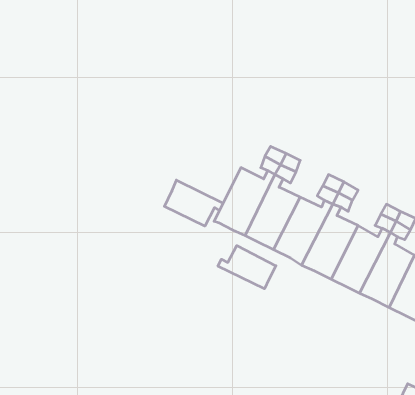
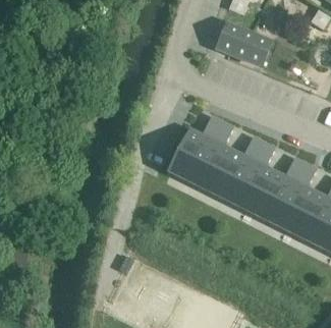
building: none -> [216,22,270,64]
building: [164,180,223,226] -> none
building: [218,246,276,289] -> none

